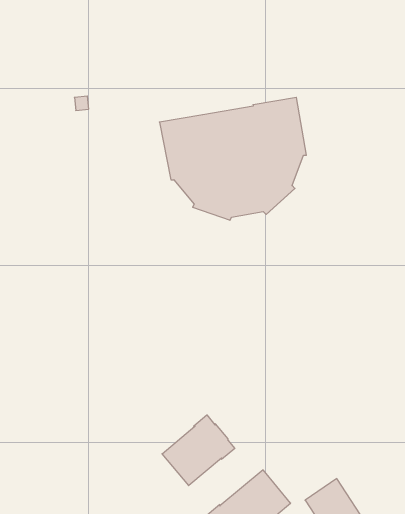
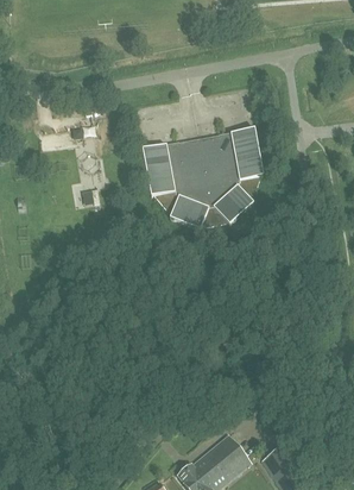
building: [162,415,235,486] -> none

